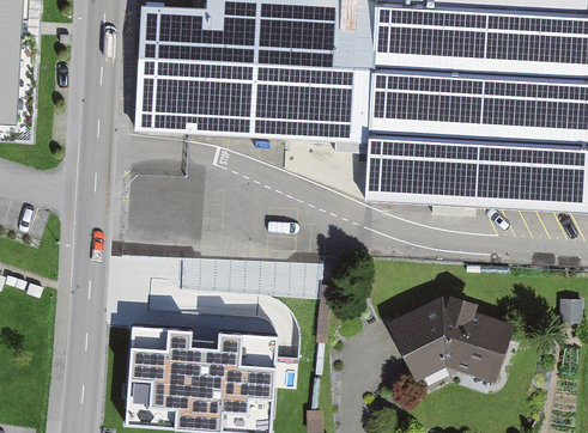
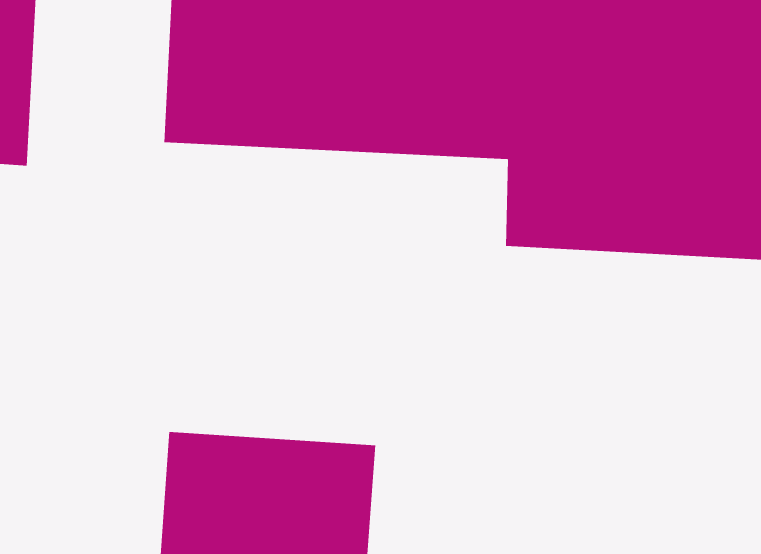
building: [390,309,511,384] -> none

